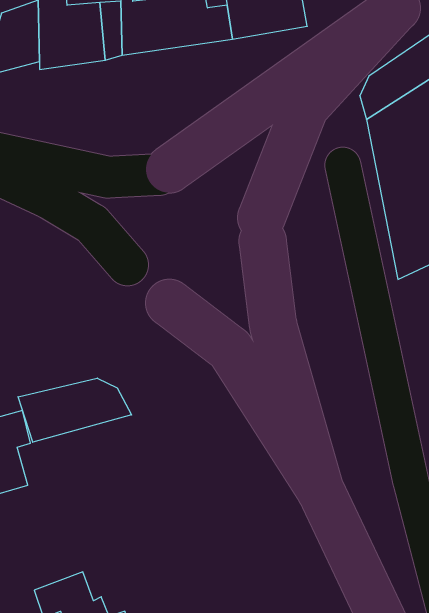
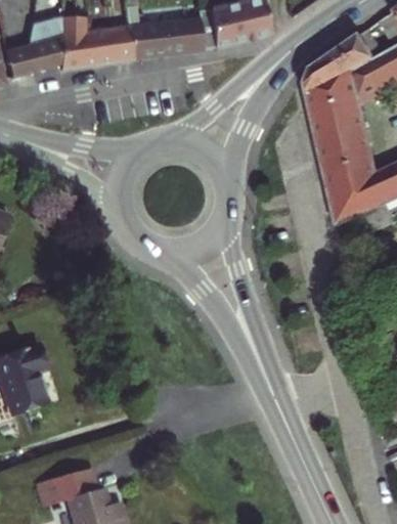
building: [18,378,132,442] -> none

